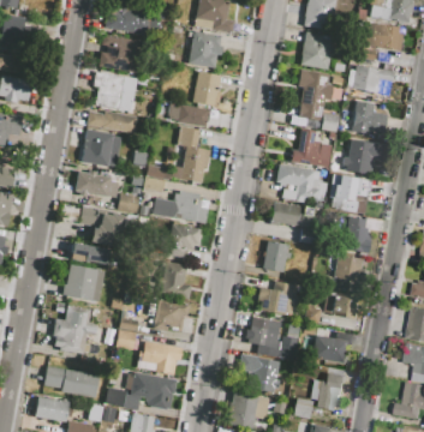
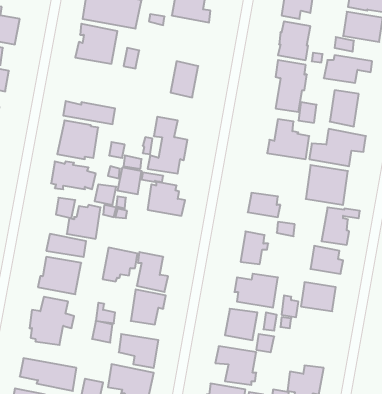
building: [186,30,222,68] -> none
building: [94,71,132,113] -> none
building: [178,104,210,127] -> none
building: [276,164,327,203] -> none
building: [166,223,201,257] -> [103,248,138,281]
building: [311,331,354,364] -> none

